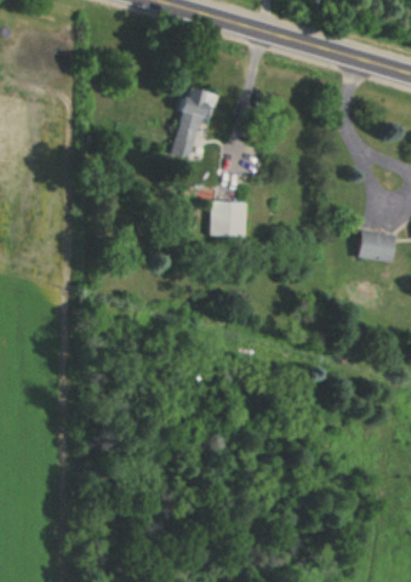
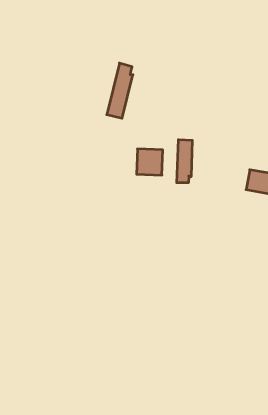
building: none -> [177,140,192,183]

